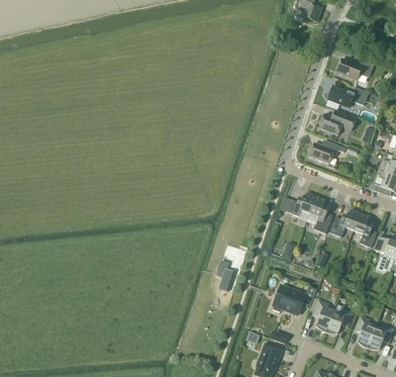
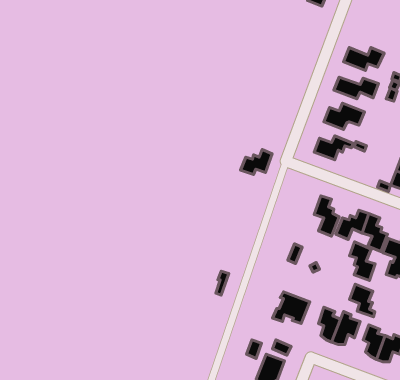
building: [286,192,315,215] -> [240,149,272,175]
building: none -> [350,242,375,281]
building: none -> [349,284,375,317]

